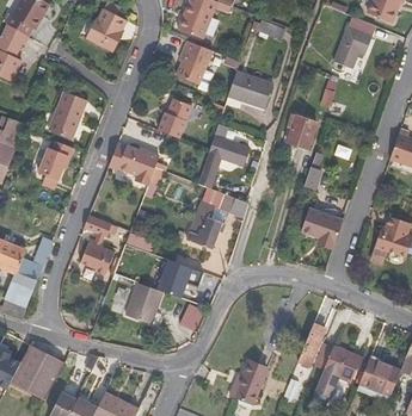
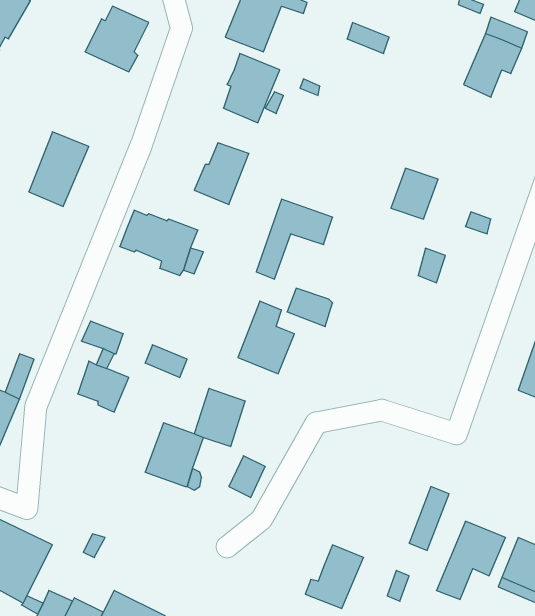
building: [227,70,272,108] -> none
building: [37,141,73,180] -> none
building: [300,209,342,248] -> none

